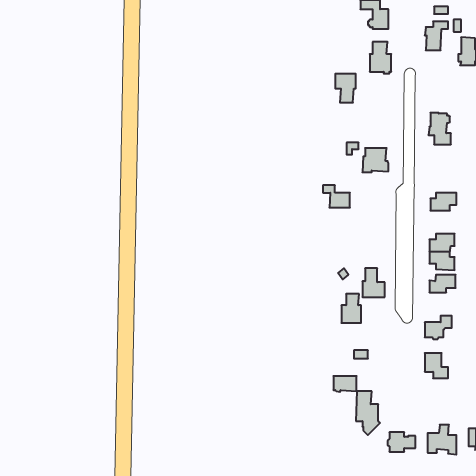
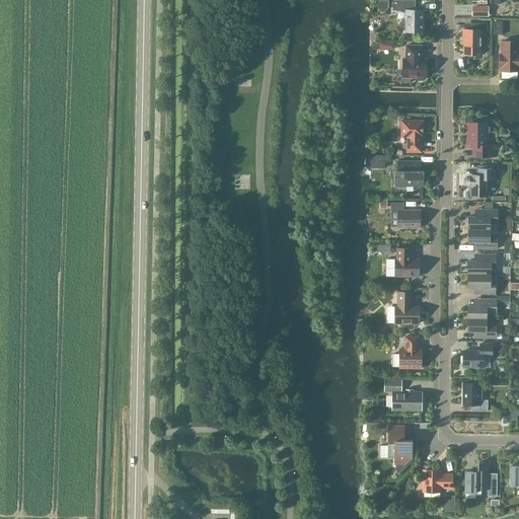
building: [335,74,356,103] -> [401,121,424,152]
building: none -> [464,165,495,196]
building: [323,185,350,208] -> [390,203,420,227]
building: none -> [468,229,497,249]
building: none -> [394,248,419,277]
building: none -> [467,318,496,338]
building: [341,294,361,323] -> [399,337,421,368]
building: [333,376,357,392] -> [395,393,421,411]

